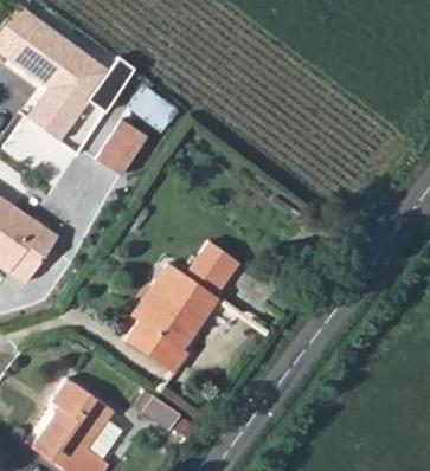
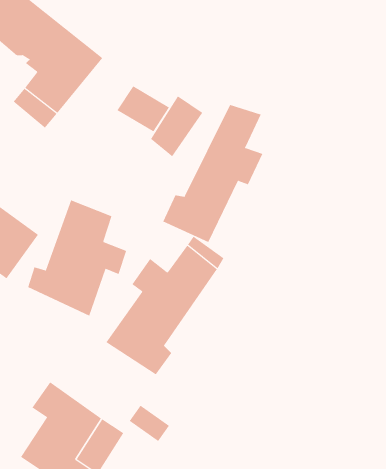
building: none -> [162,104,263,243]
building: [92,120,143,179] -> [150,96,203,157]
building: none -> [27,200,127,317]

